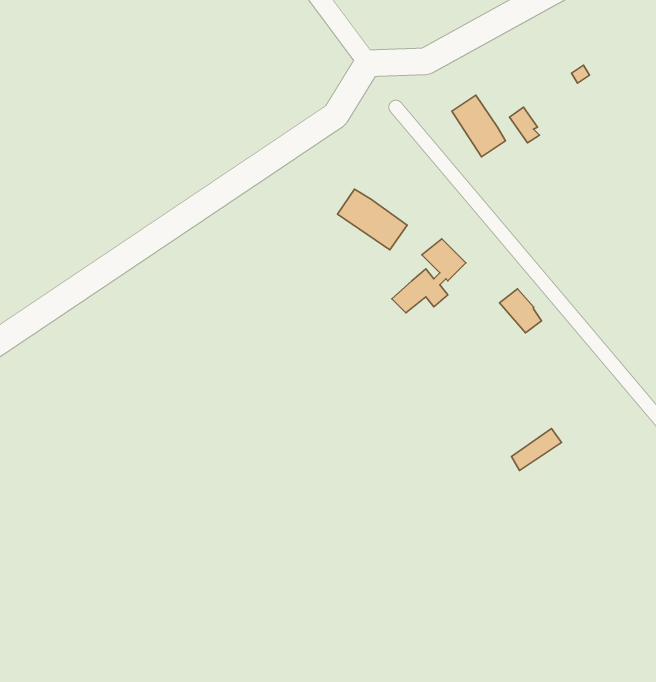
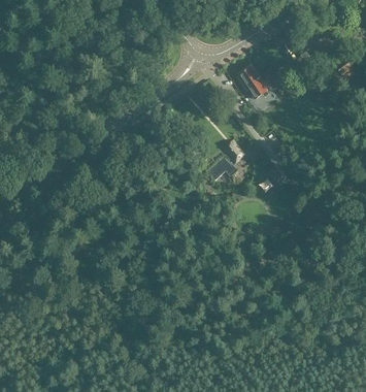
building: [337,189,407,250] -> none

